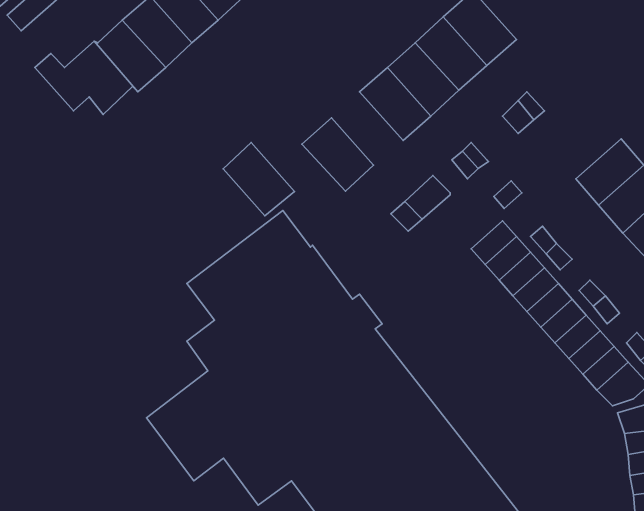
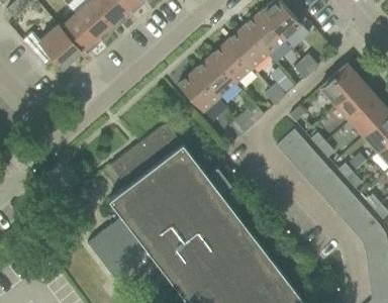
building: none -> [320,63,363,104]
building: [223,143,295,216] -> [195,54,236,96]

